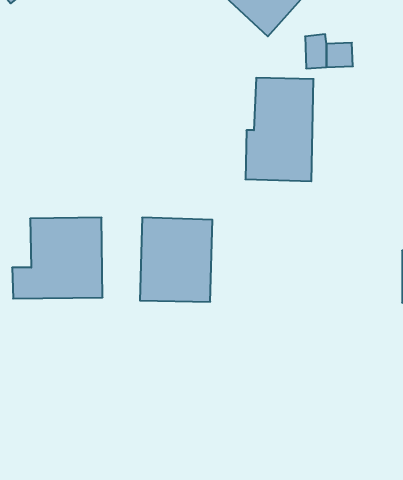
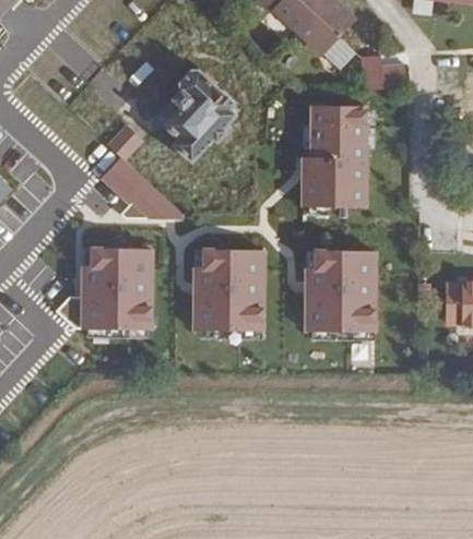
building: none -> [165,73,236,166]
building: none -> [98,121,181,233]
building: none -> [304,248,377,333]

